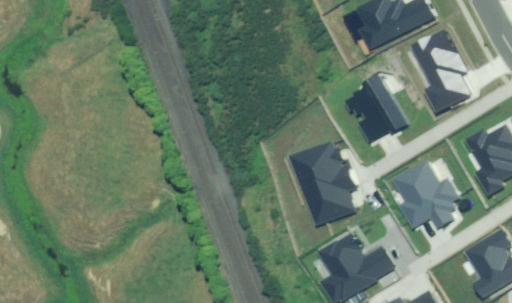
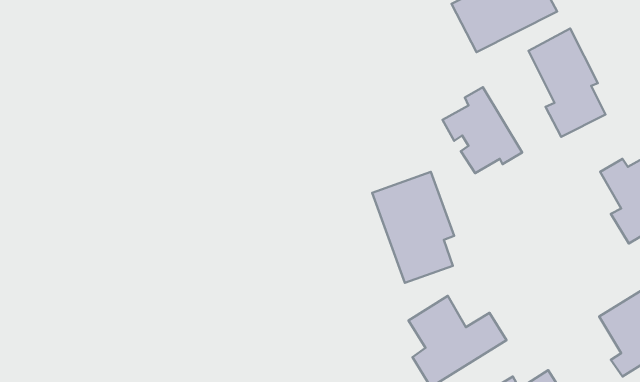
building: [397,161,460,226] -> none

